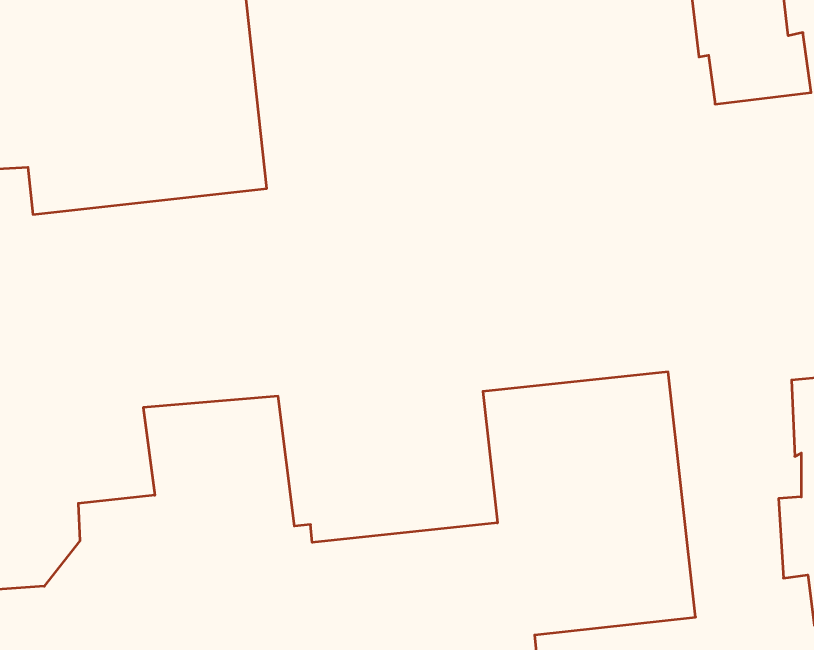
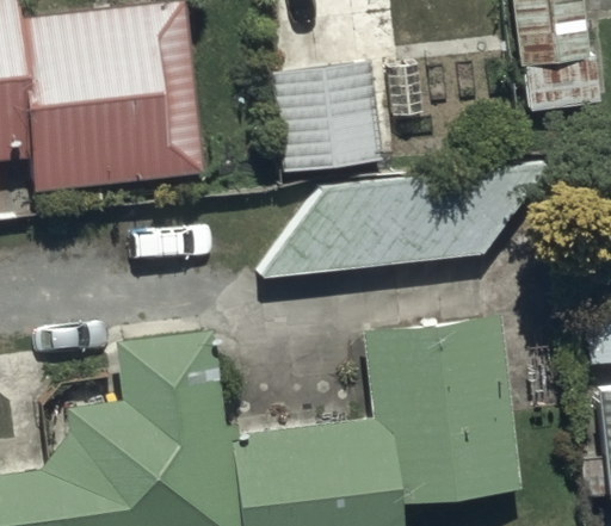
building: none -> [270,62,381,168]
building: none -> [260,160,541,280]

